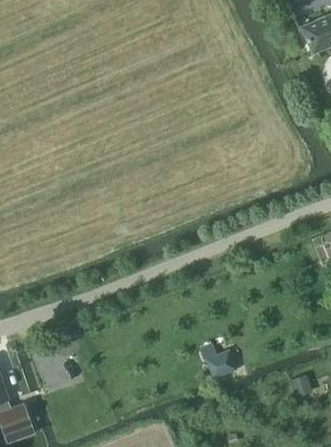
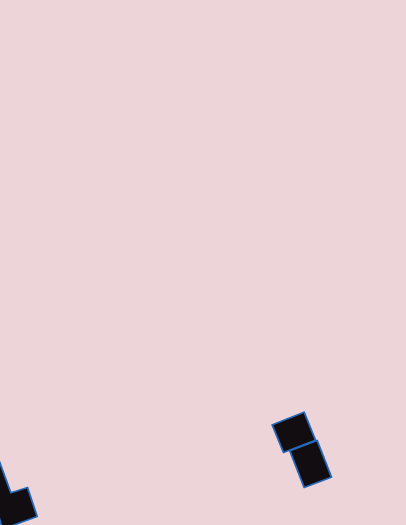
building: none -> [290,441,331,488]

